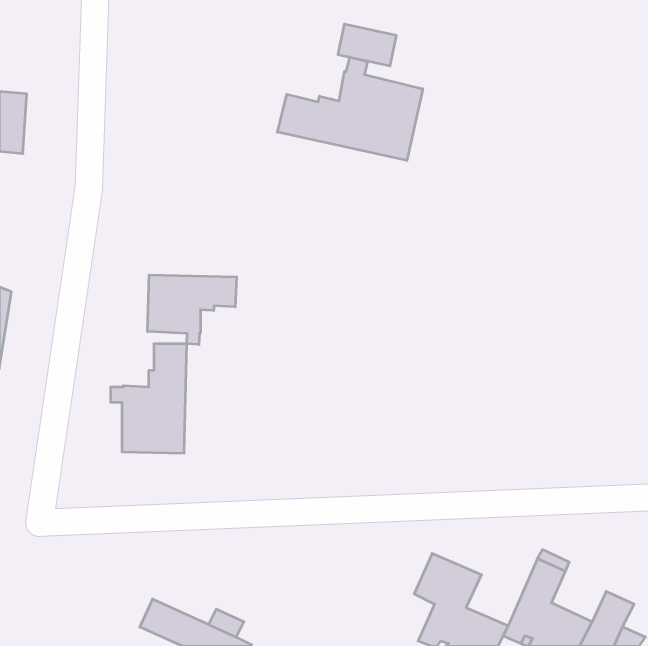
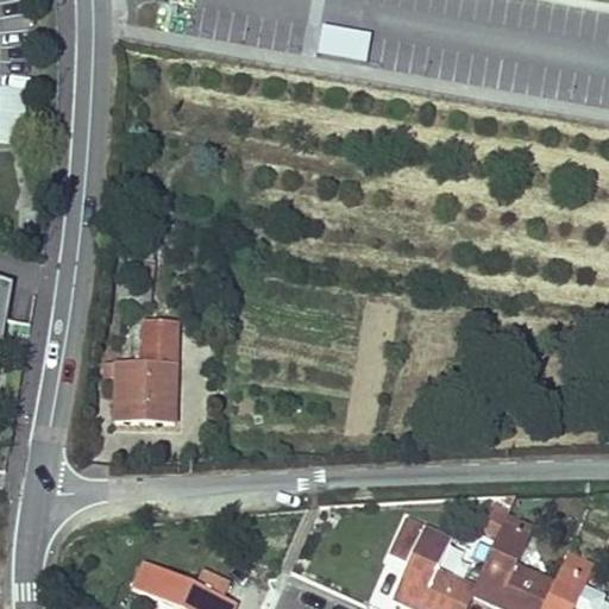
building: [277,57,423,161] -> none
building: [148,275,237,345] -> none

